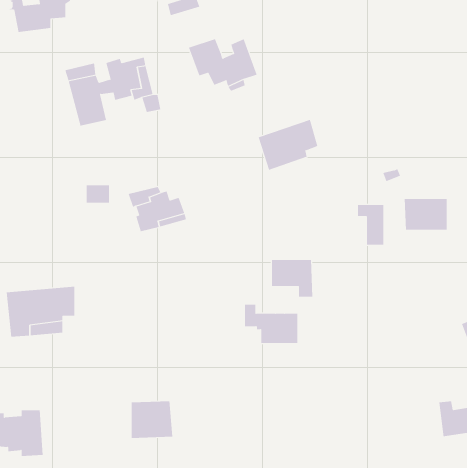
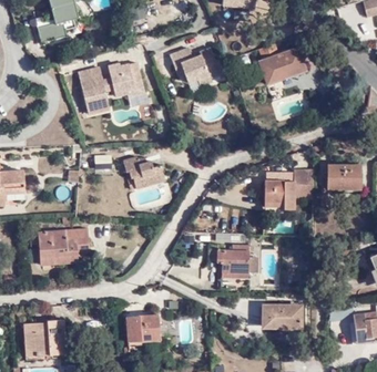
building: [258,119,318,170] -> [257,45,302,83]
building: [271,259,313,297] -> [263,179,294,207]
building: none -> [264,306,302,326]

